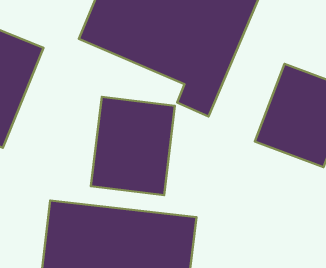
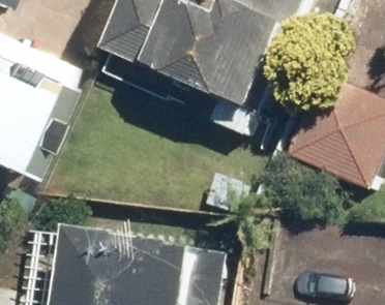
building: [91,97,175,195] -> none

